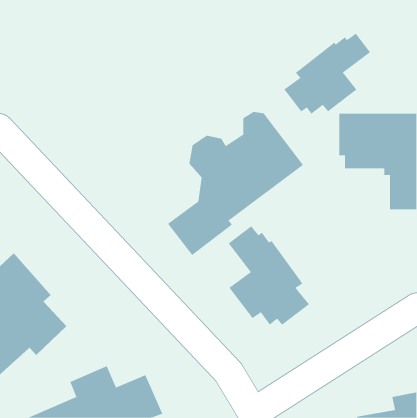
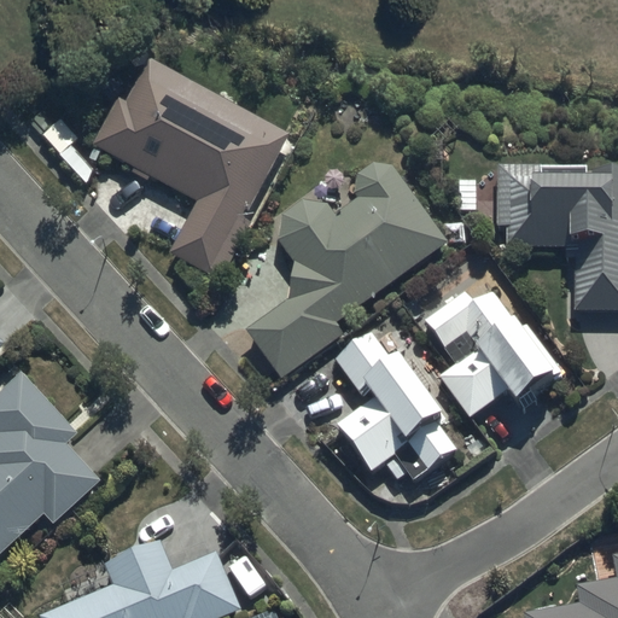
building: [284,33,371,115] -> none
building: none -> [92,54,290,281]
building: none -> [426,291,560,419]

